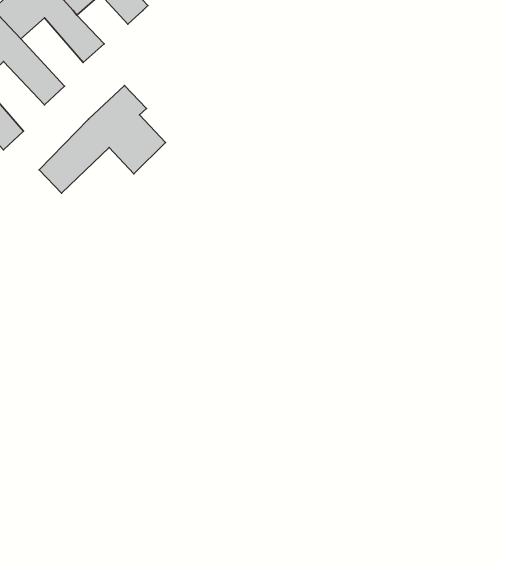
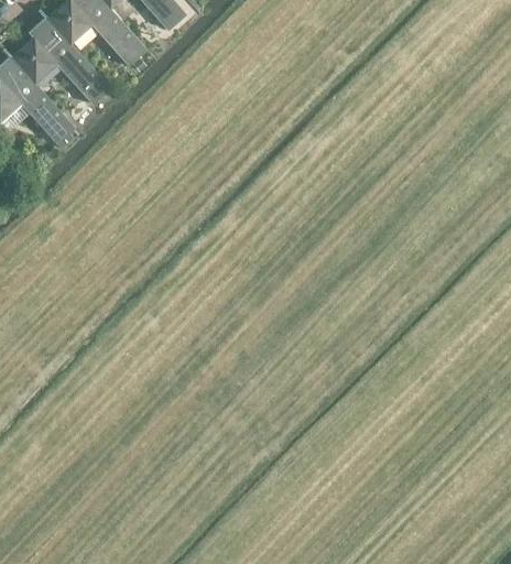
building: [39,85,166,193] -> none

